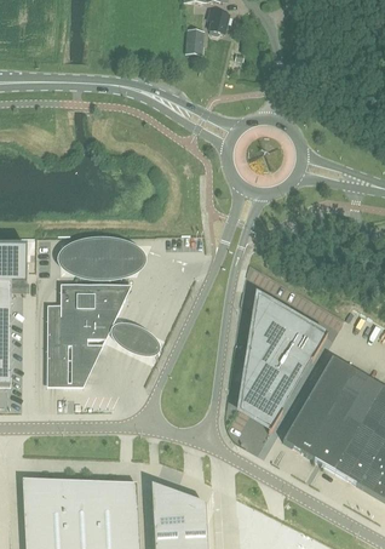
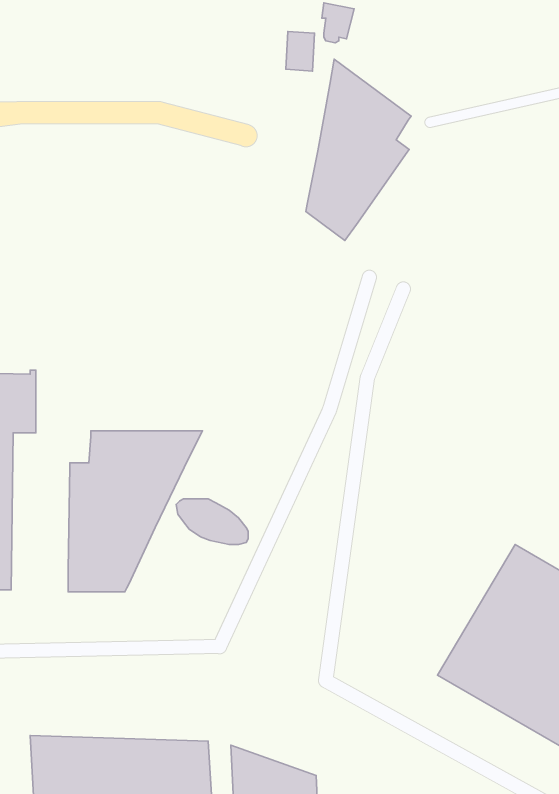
building: none -> [306,59,411,241]
building: [63,239,148,278] -> none
building: [239,303,324,421] -> none

